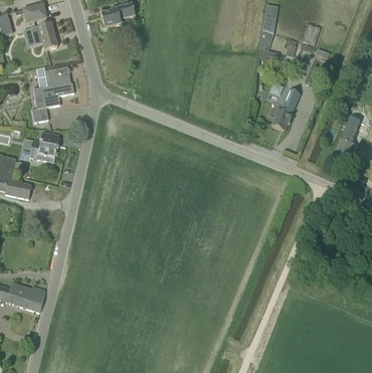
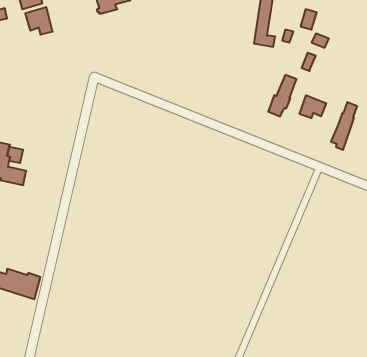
building: [31,66,73,123] -> none
building: none -> [300,95,326,118]
building: [28,133,58,162] -> none

